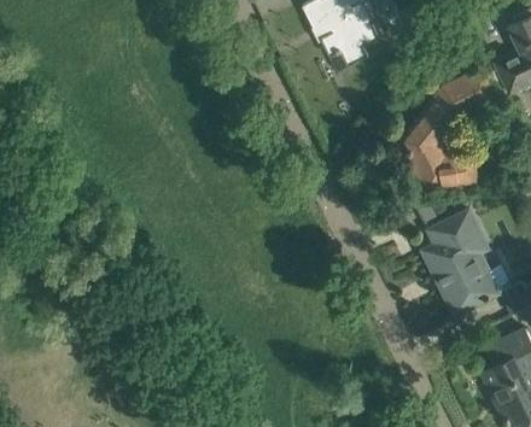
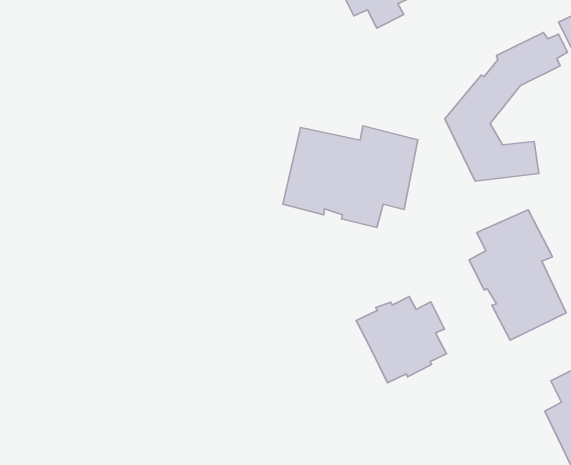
building: none -> [283,126,418,227]
building: none -> [356,296,446,383]

